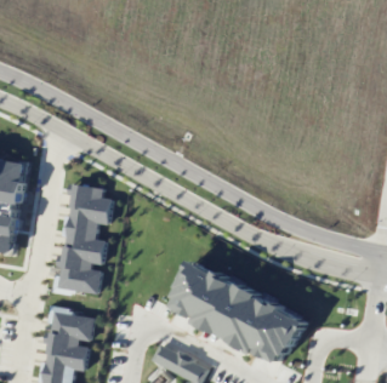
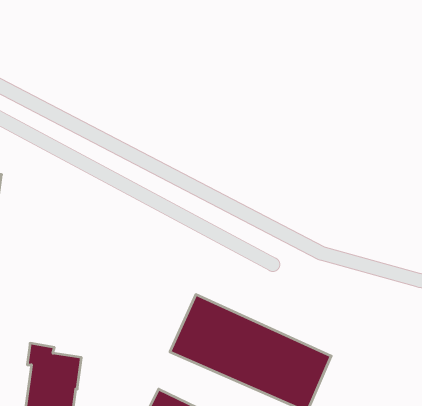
building: [52,183,112,296] -> none

